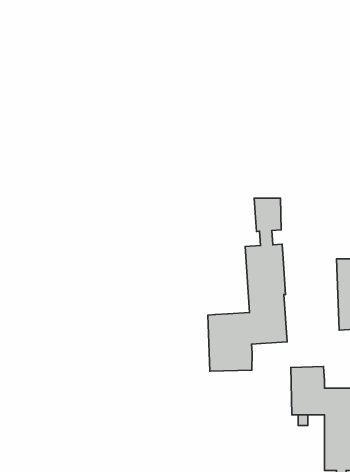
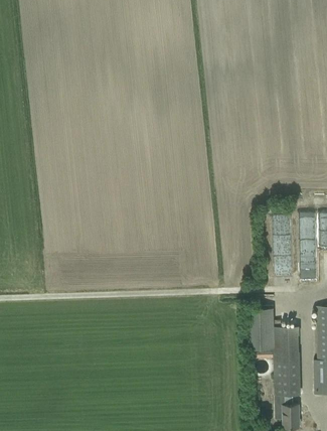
building: [208,198,287,371] -> none

